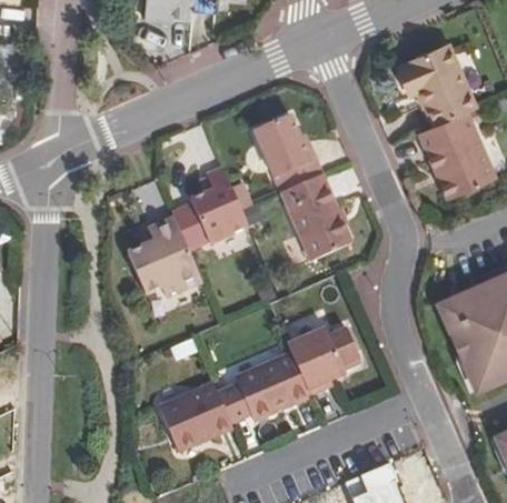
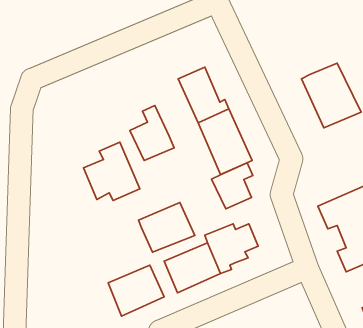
building: [400,44,476,127] -> none
building: none -> [212,163,253,209]
building: none -> [138,203,195,252]

